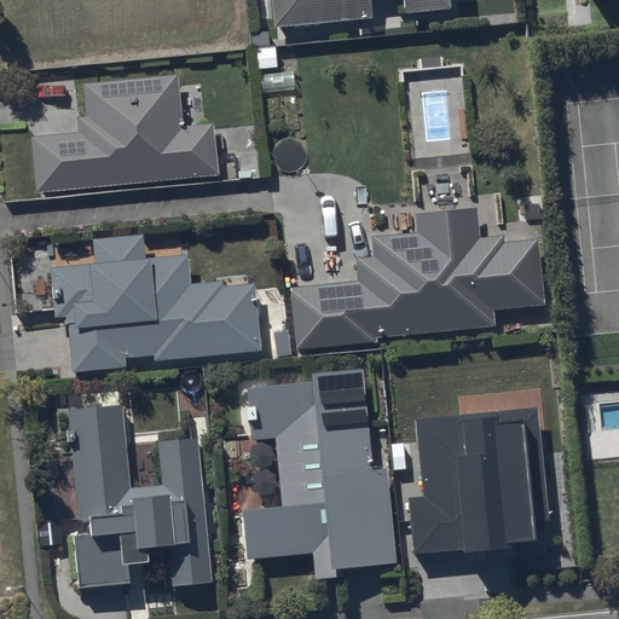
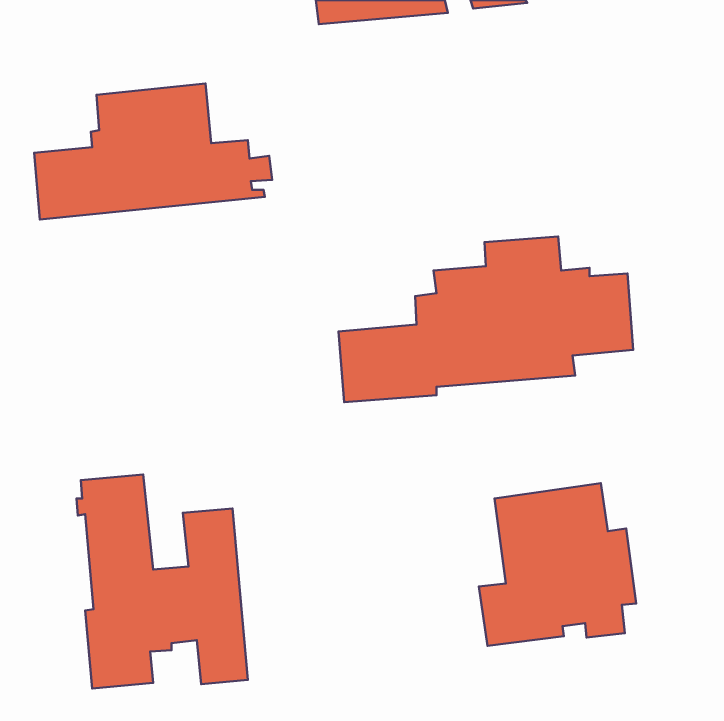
building: [54,243,265,374] -> none
building: [241,370,398,585] -> none

